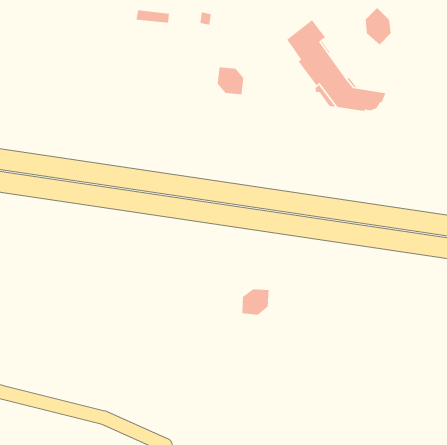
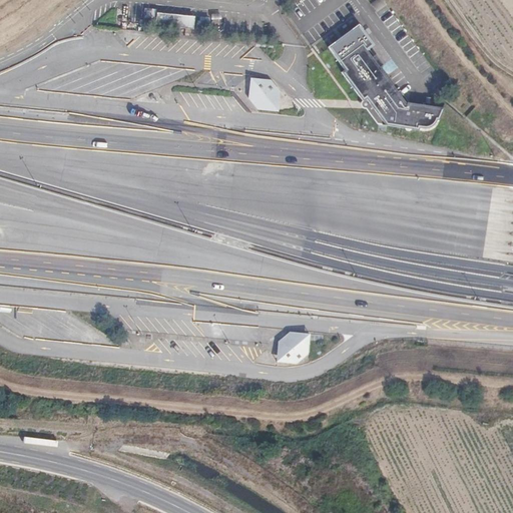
building: [365,7,392,46] -> none

